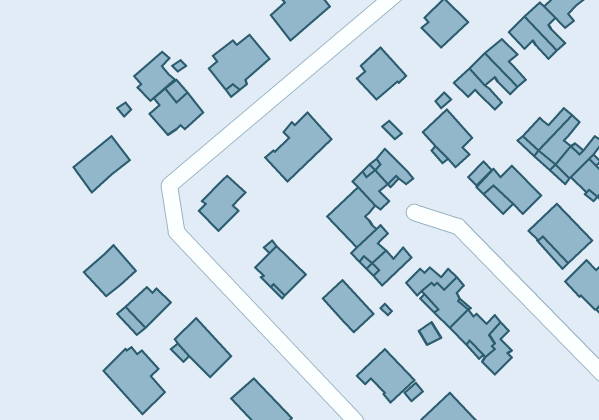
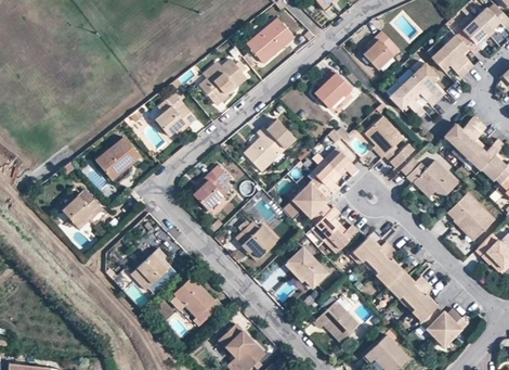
building: [134,52,175,101] -> none
building: [84,245,136,296] -> [62,189,102,228]
building: [103,347,165,414] -> none
building: none -> [418,307,466,346]

